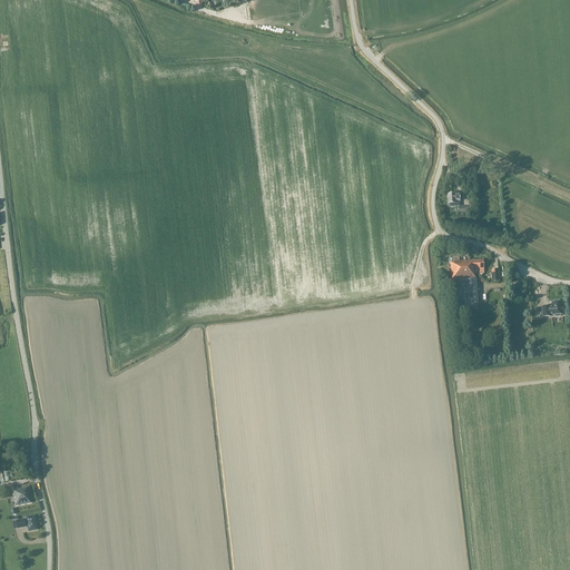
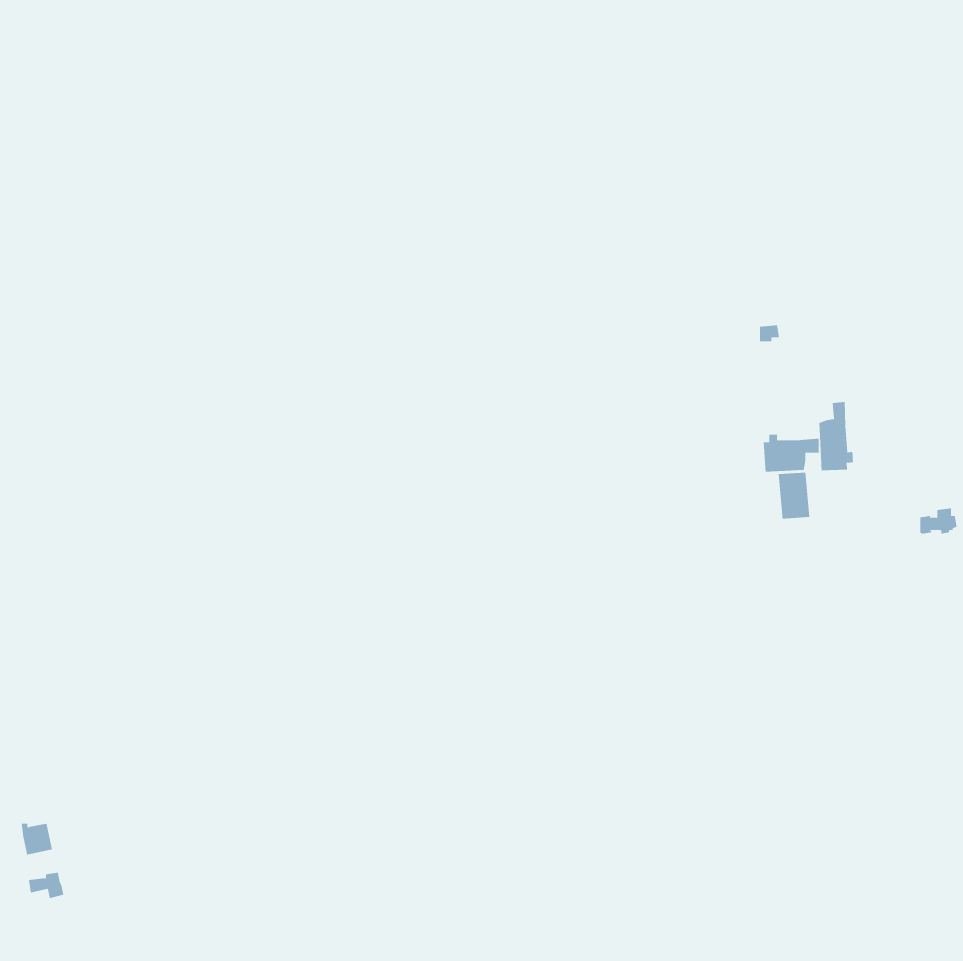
building: none -> [819,401,854,471]

